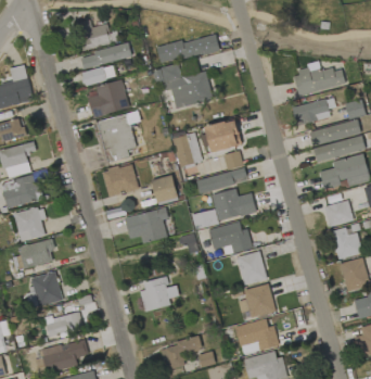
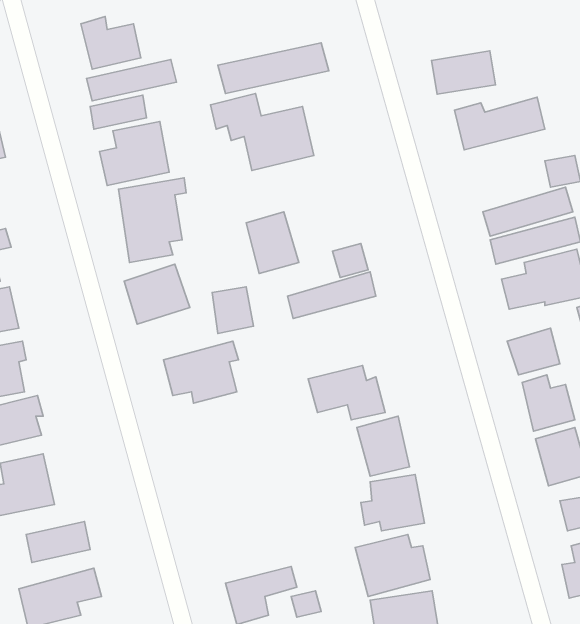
building: [293,99,330,124] -> [432,51,495,94]
building: [205,117,243,152] -> none
building: [192,188,256,227] -> none
building: [141,277,169,309] -> none

